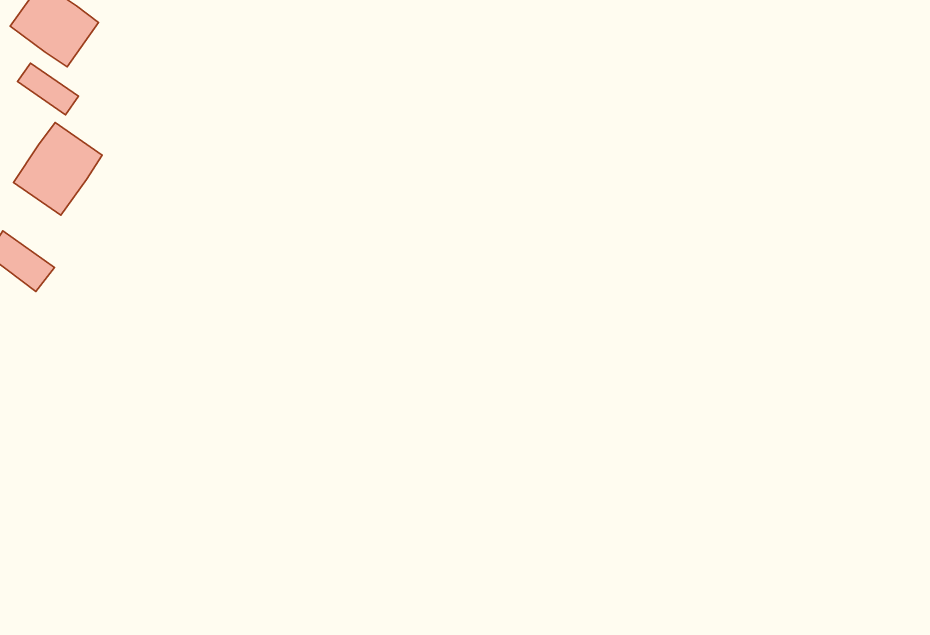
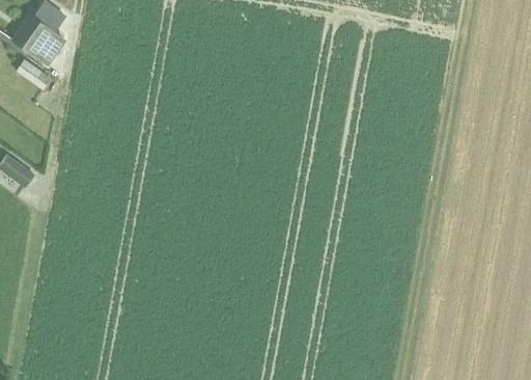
building: [14,123,102,215] -> none

